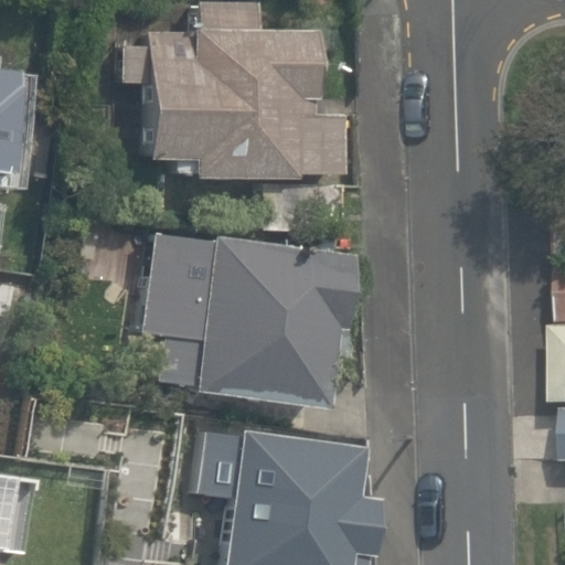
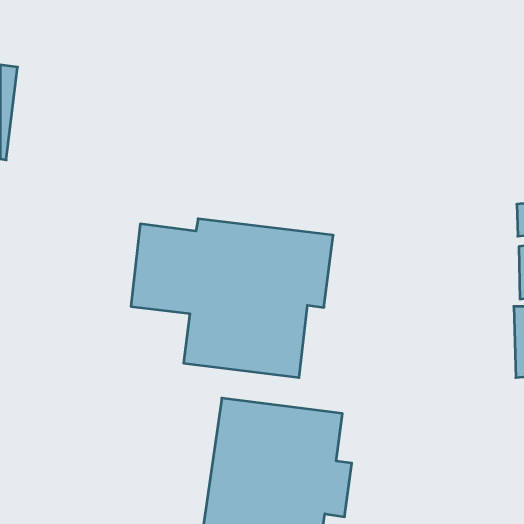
building: [151,29,326,183] -> none

